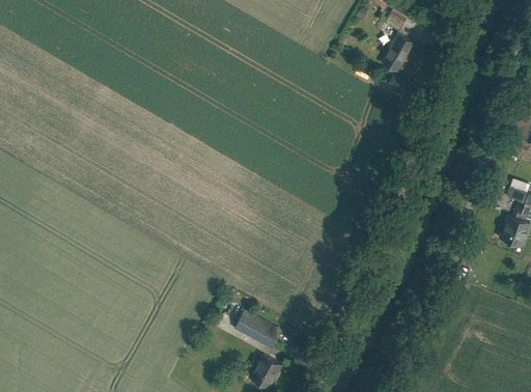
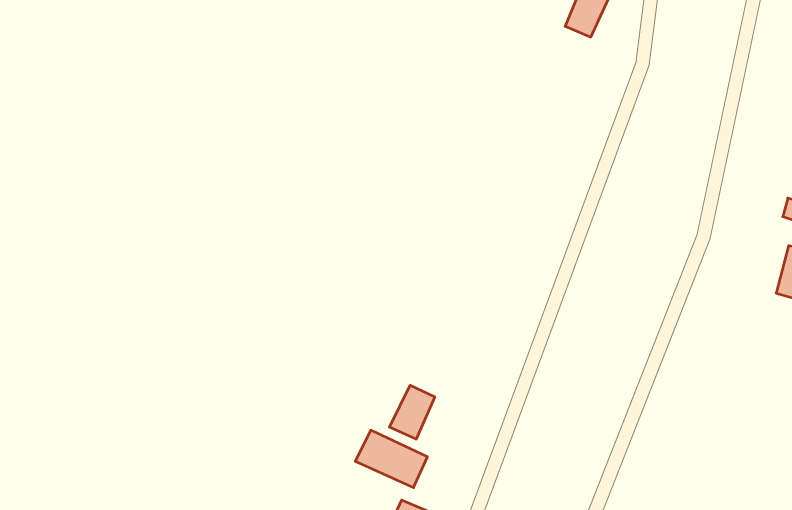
building: none -> [389,385,435,439]

